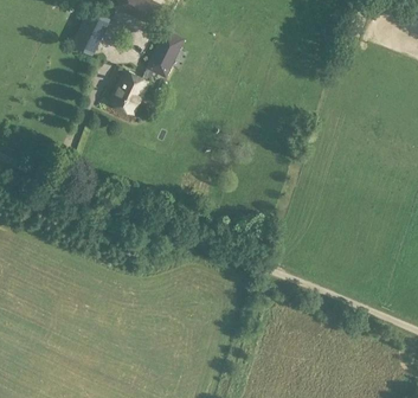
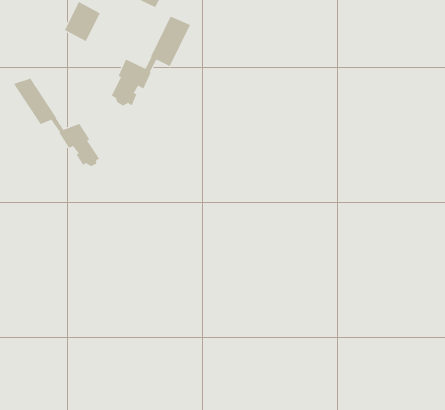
building: none -> [13,78,100,167]

